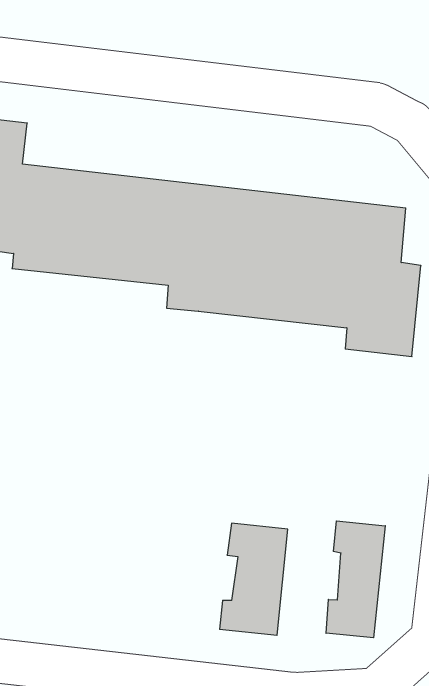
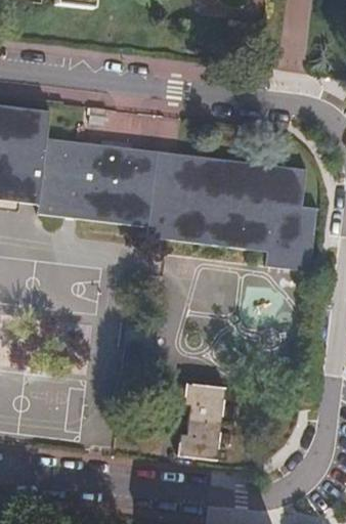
building: [326,521,385,638] -> none

